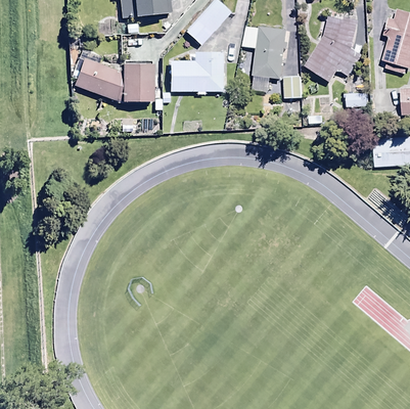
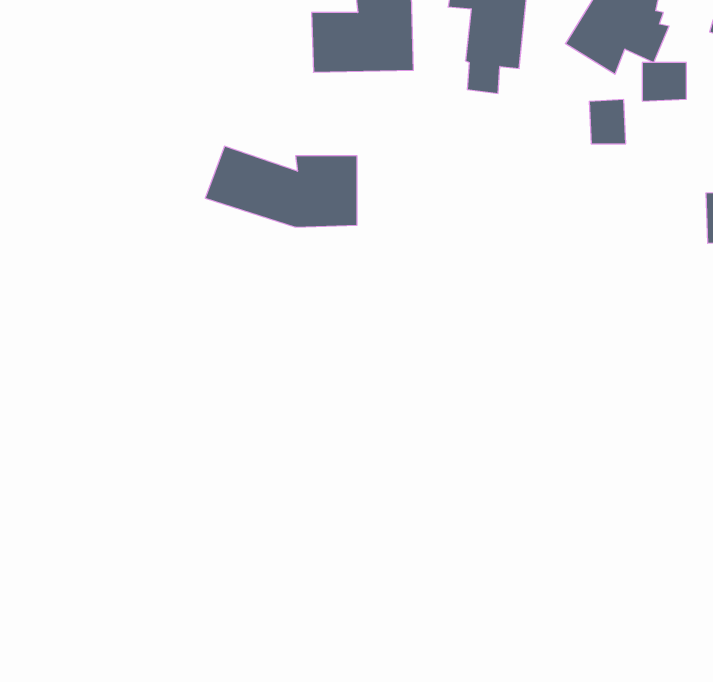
building: [73,58,153,101] -> [205,146,357,227]
building: [283,64,303,88] -> [589,100,626,144]

